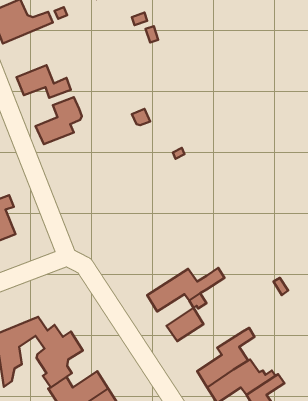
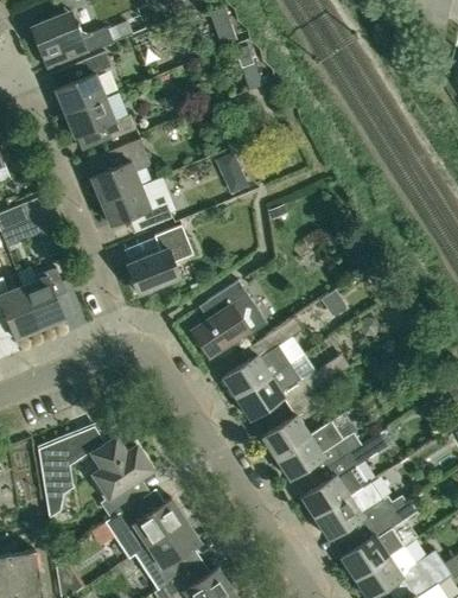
building: none -> [55,51,112,113]
building: none -> [101,185,172,229]
building: none -> [126,224,193,293]
building: none -> [192,280,263,356]
building: none -> [222,317,303,397]
building: none -> [275,421,361,478]

